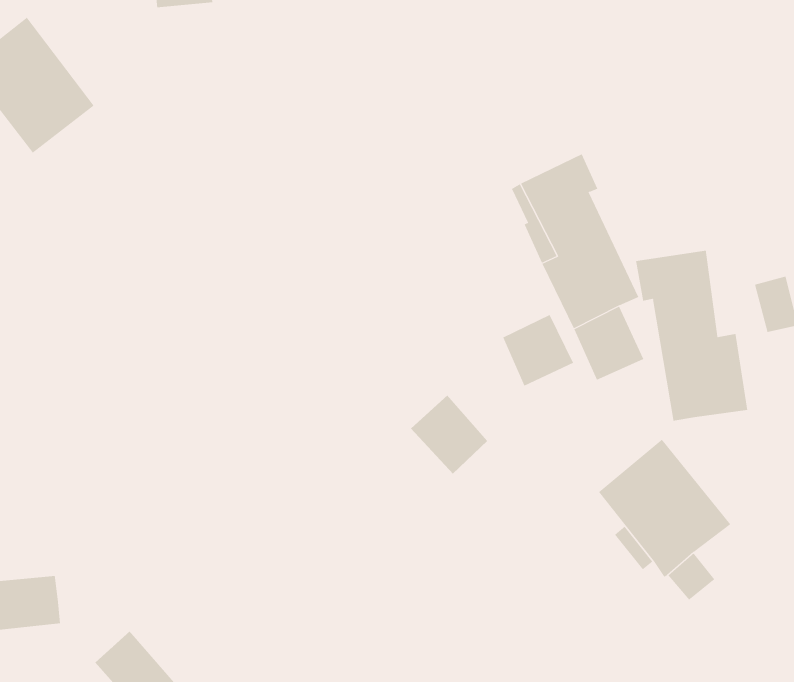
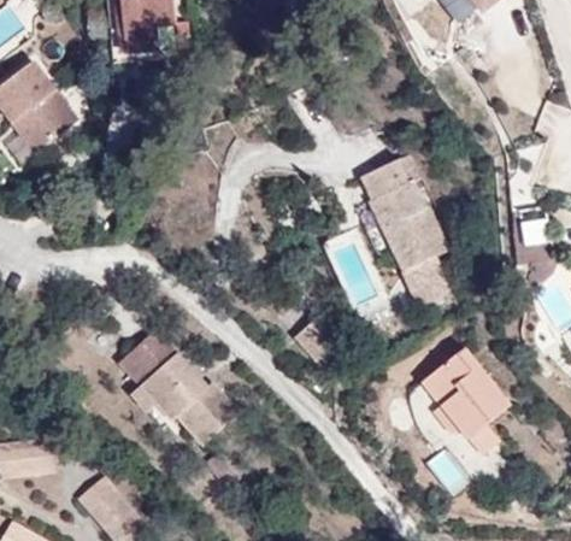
building: [635,250,748,422] -> none
building: [503,314,574,386] -> none
building: none -> [118,328,237,446]

